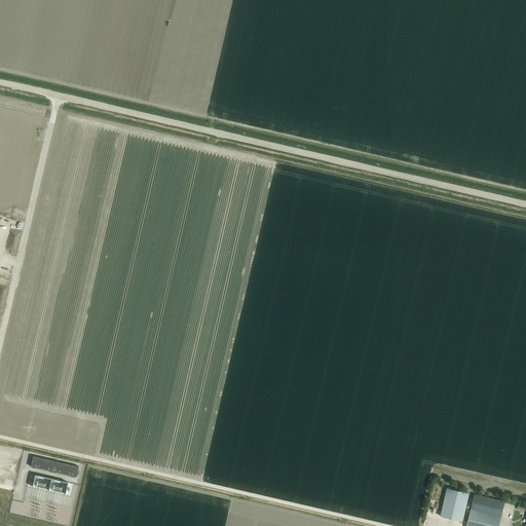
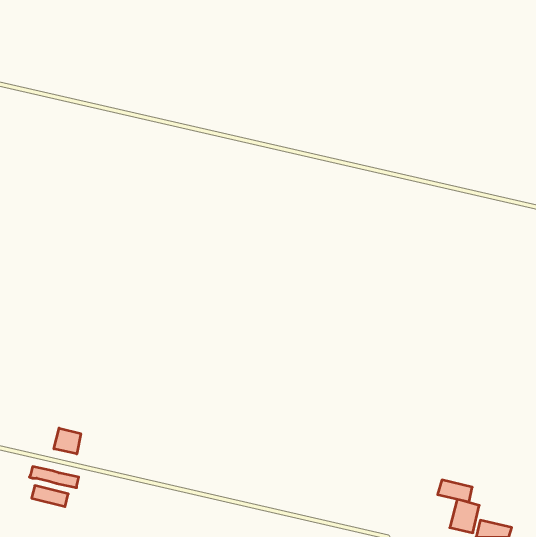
building: none -> [54,428,81,454]
building: [469,494,503,516] -> [438,480,472,502]

